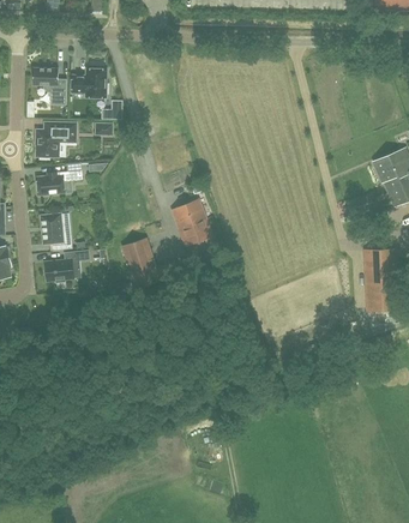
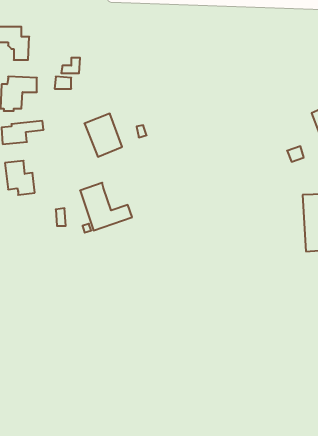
building: [71,68,108,96] -> none
building: [170,198,211,245] -> [84,114,122,157]
building: [44,250,89,281] -> none

